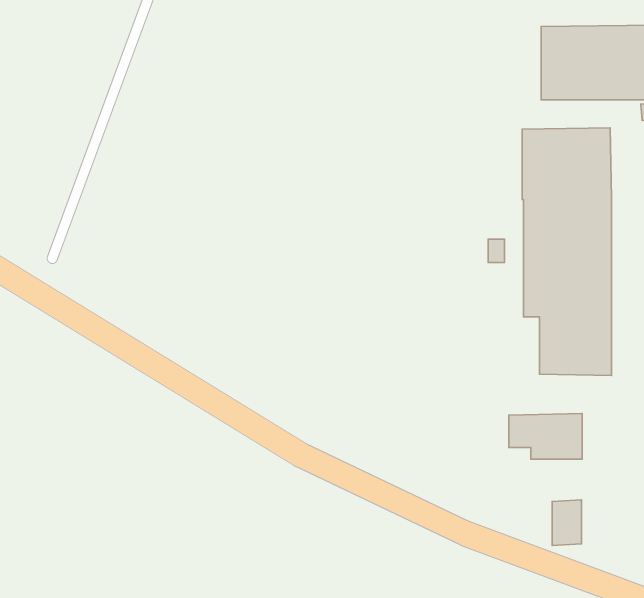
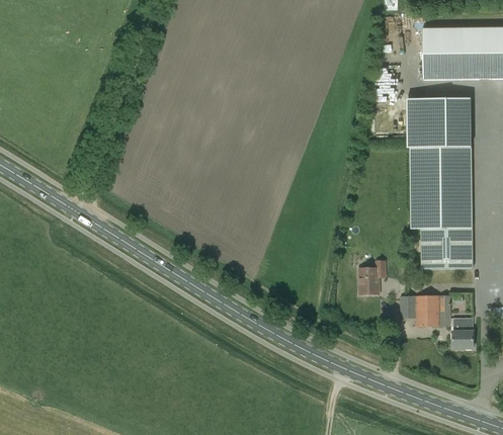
building: none -> [358,260,386,293]
building: [552,500,582,545] -> [452,317,473,348]

